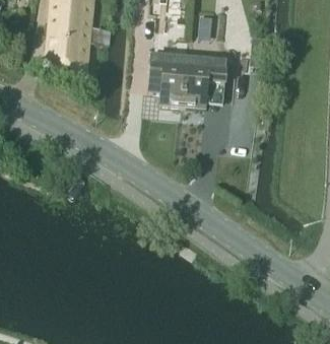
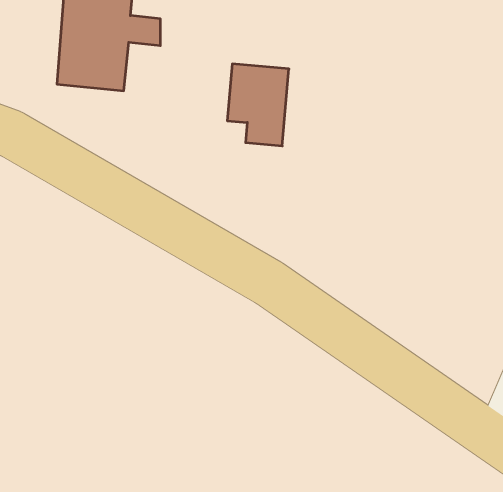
building: [182,56,225,105] -> none

